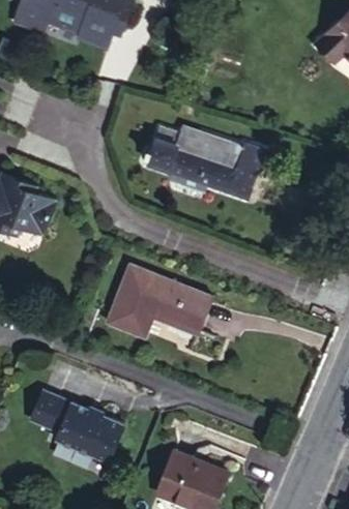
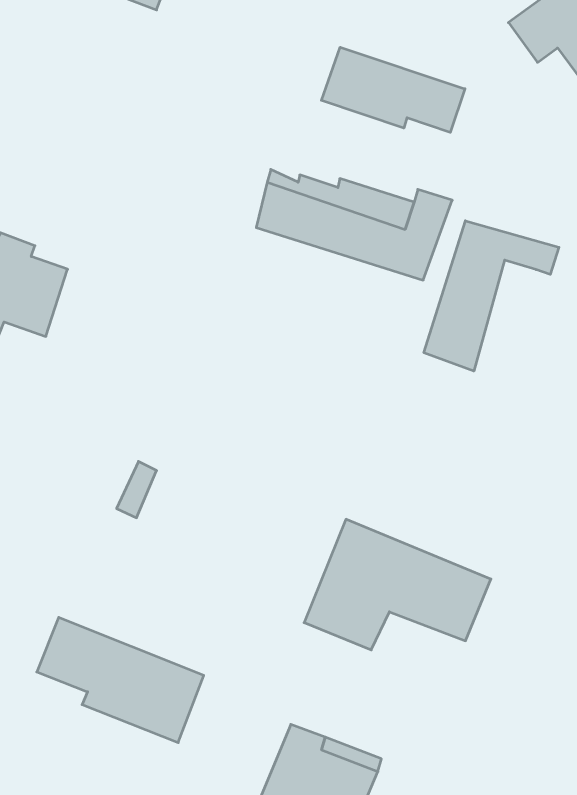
building: none -> [321,47,465,132]
building: none -> [424,221,559,371]
building: [109,264,215,338] -> [304,519,491,650]

